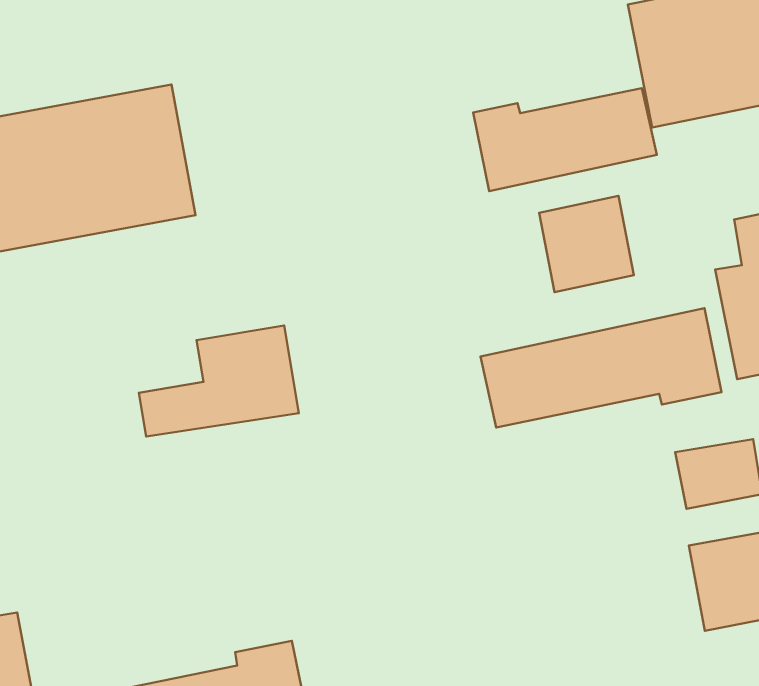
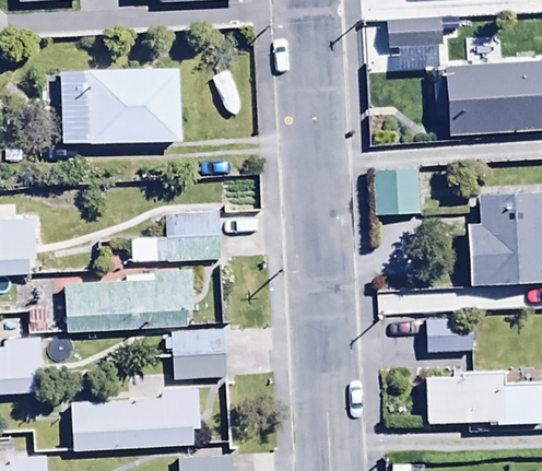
building: [473,88,657,191] -> none
building: [480,308,721,428] -> none
building: none -> [64,270,191,330]
building: none -> [173,332,228,380]

